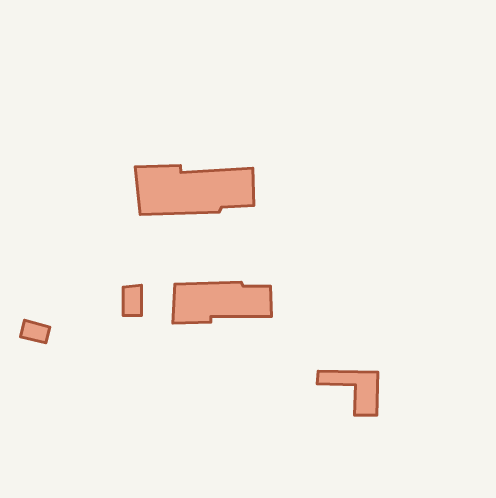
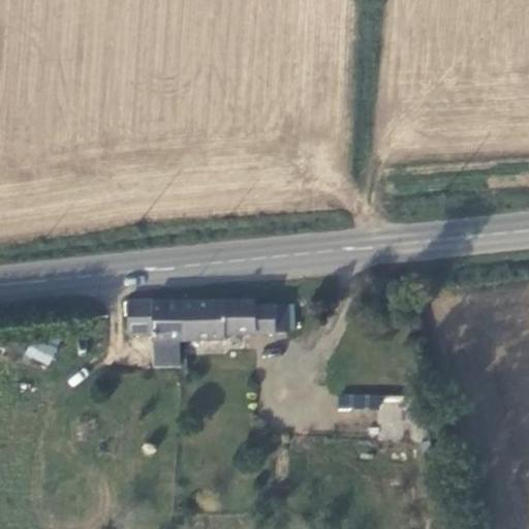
building: [135,165,254,215] -> none
building: none -> [150,301,185,343]

